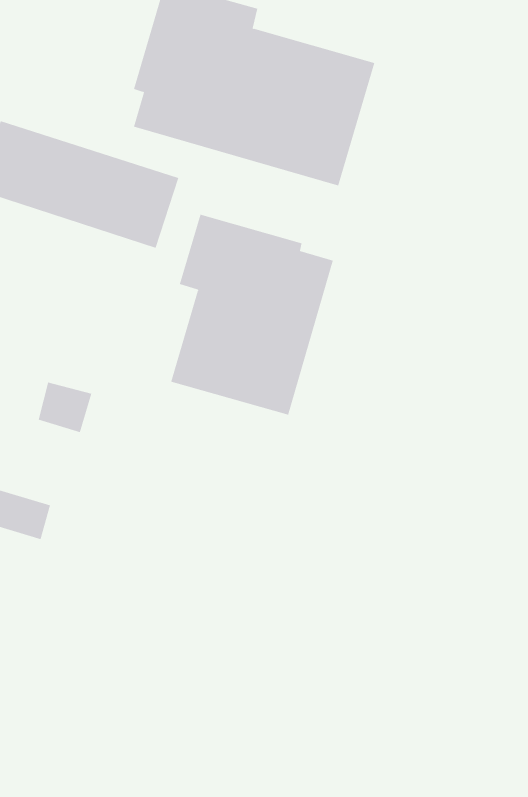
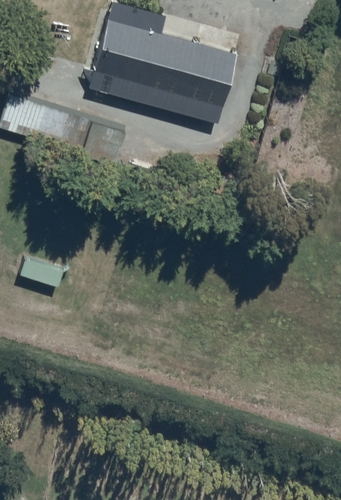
building: [171,214,333,416] -> none

